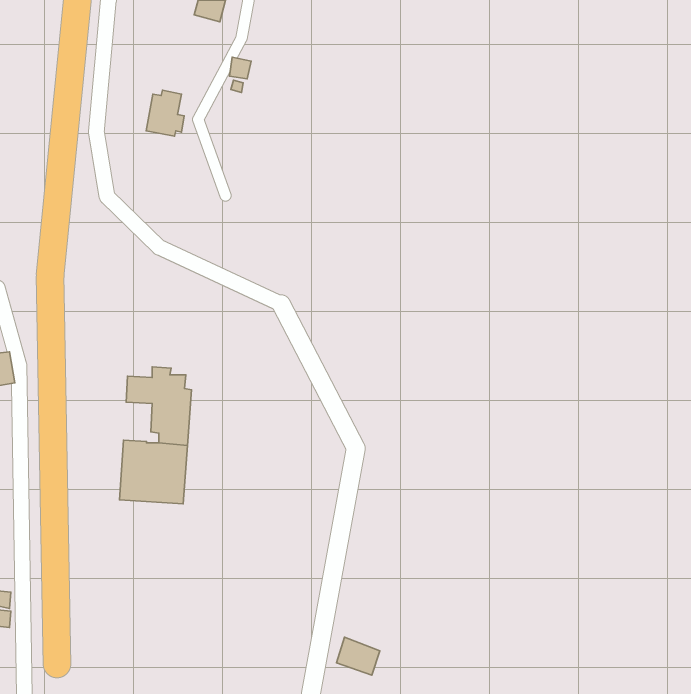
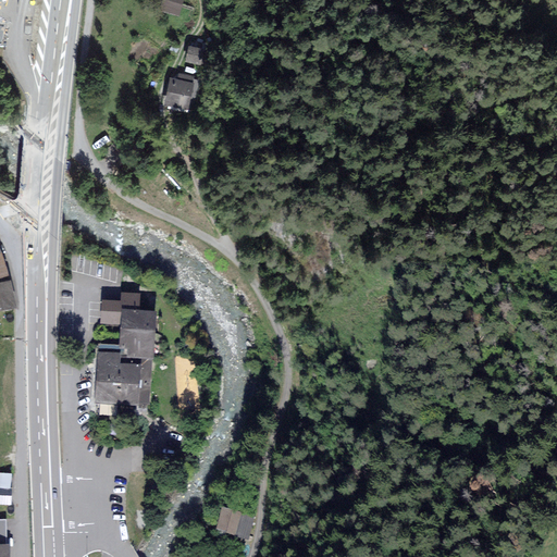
building: [146,90,184,136] -> [163,73,194,110]
building: [336,637,380,675] -> [216,507,251,537]

